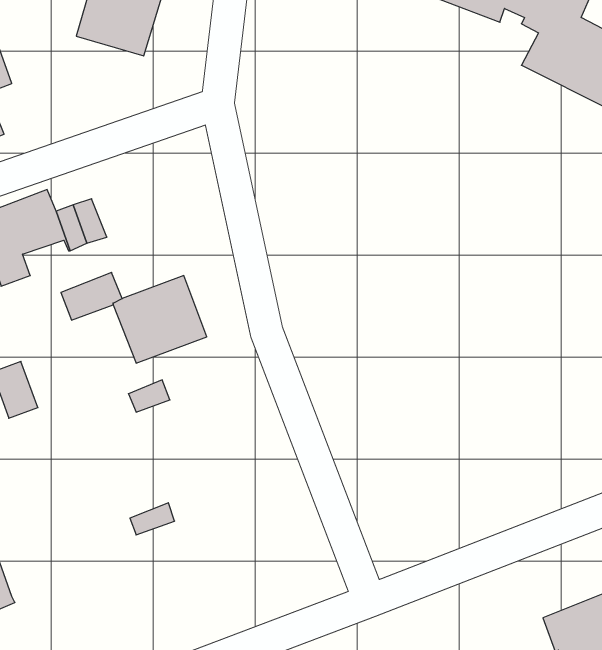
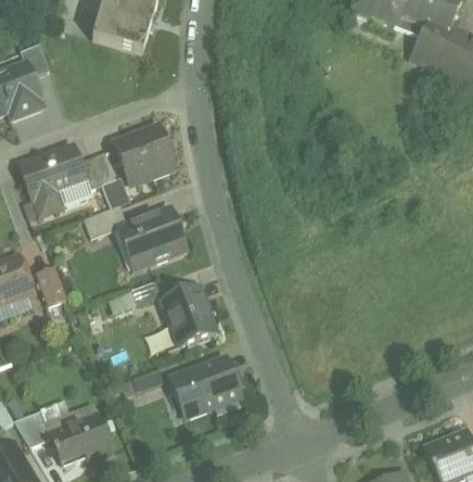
building: none -> [112,122,175,179]
building: none -> [159,283,215,345]
building: none -> [168,355,240,417]
building: none -> [48,414,112,461]

